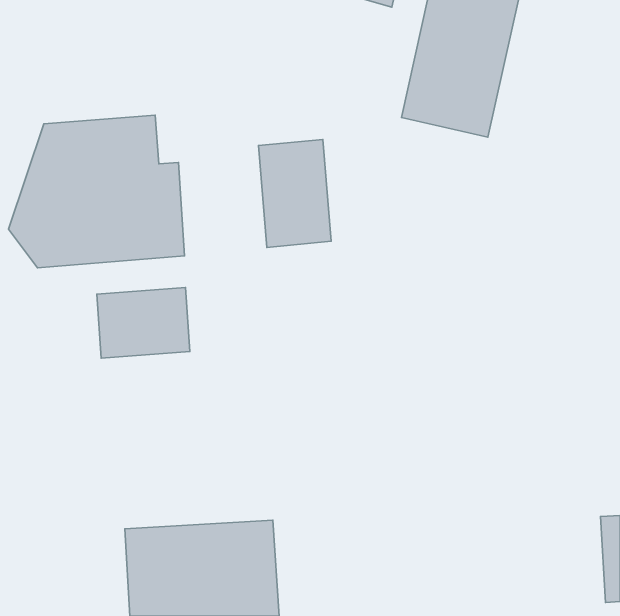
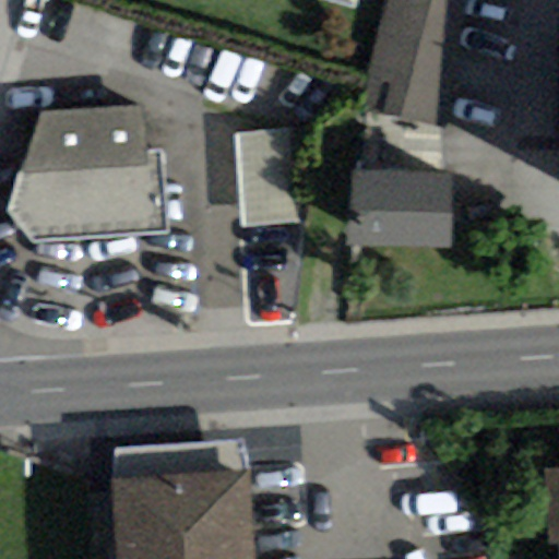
building: none -> [349,167,449,246]
building: [97,287,190,358] -> none

